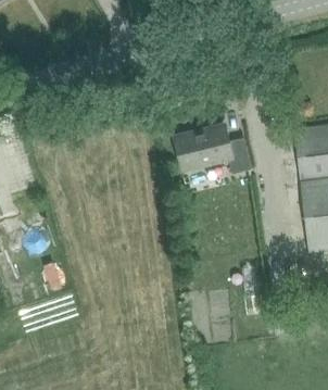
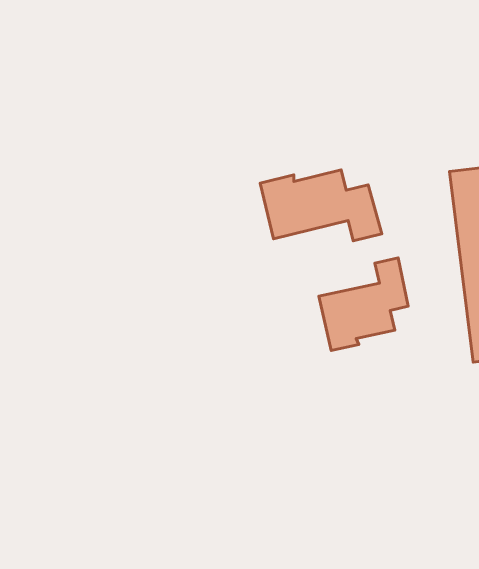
building: none -> [319,258,408,351]

